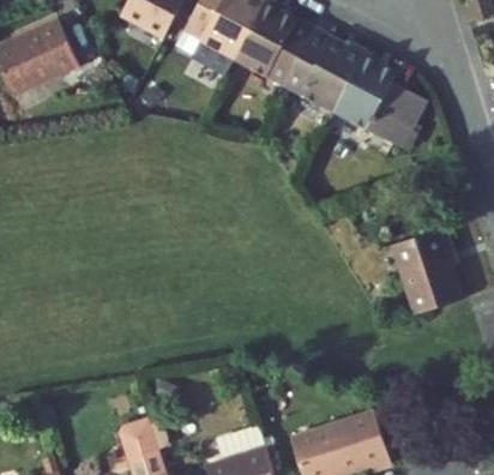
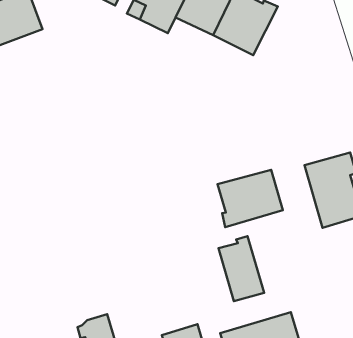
building: [327,44,423,138] -> none
building: none -> [218,170,283,227]
building: none -> [219,236,264,301]

